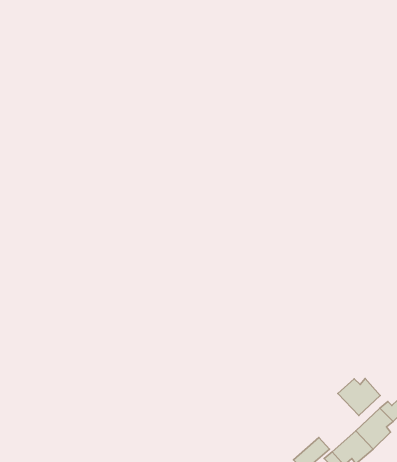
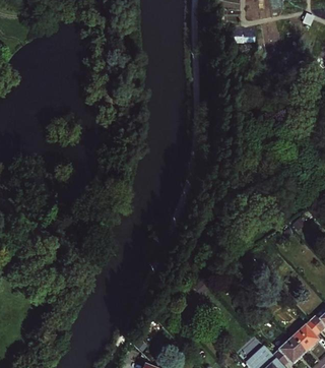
building: [338,378,380,416] -> none

